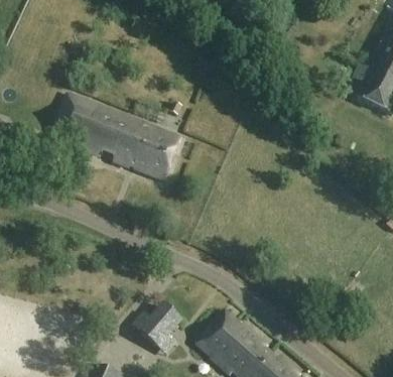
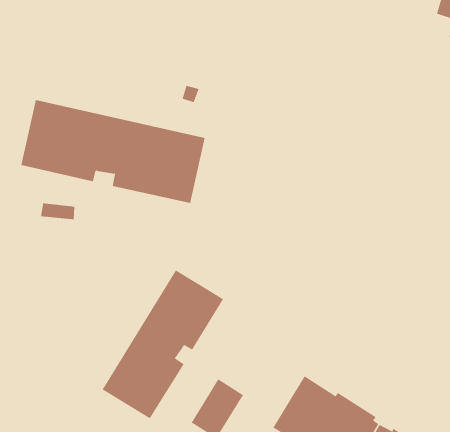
building: none -> [102,270,224,419]

